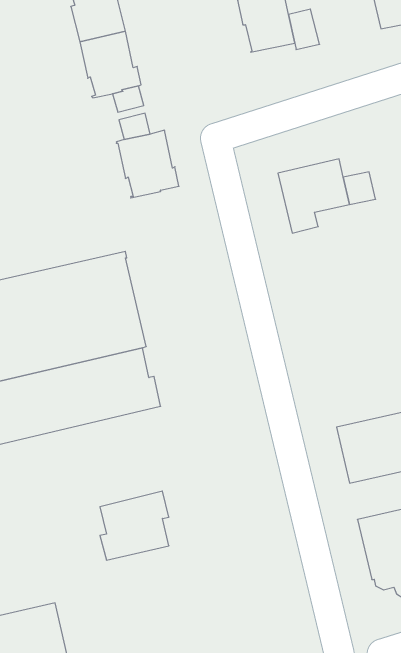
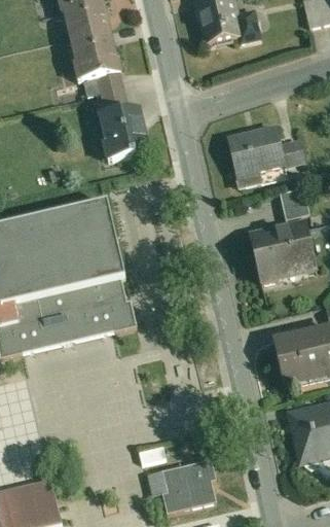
building: none -> [278,186,308,219]
building: none -> [250,219,317,284]
building: [100,491,169,560] -> [161,457,216,512]

